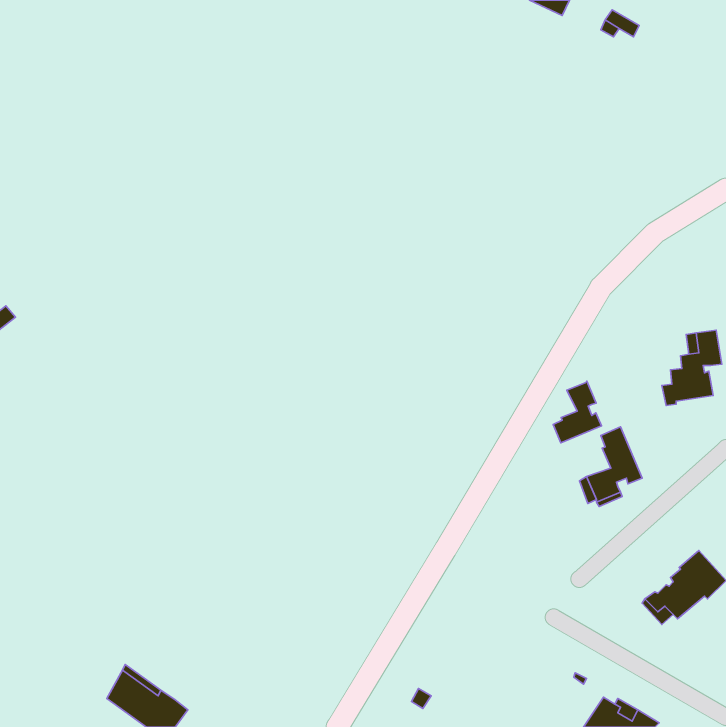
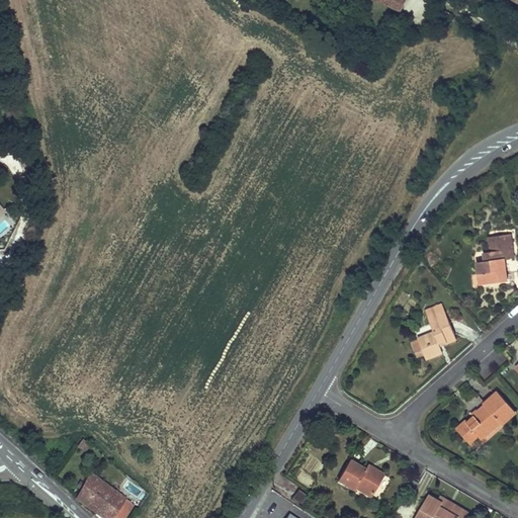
building: [553,381,601,443] -> none
building: none -> [336,461,383,496]

